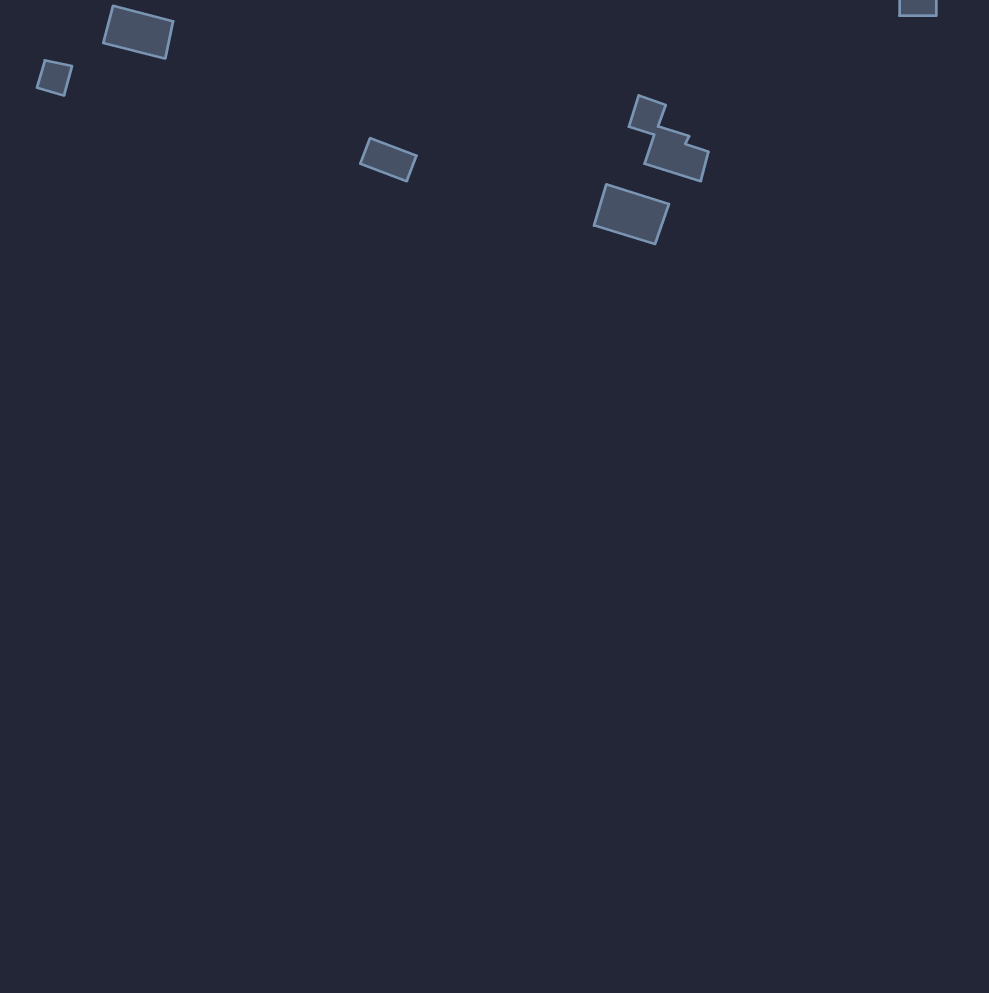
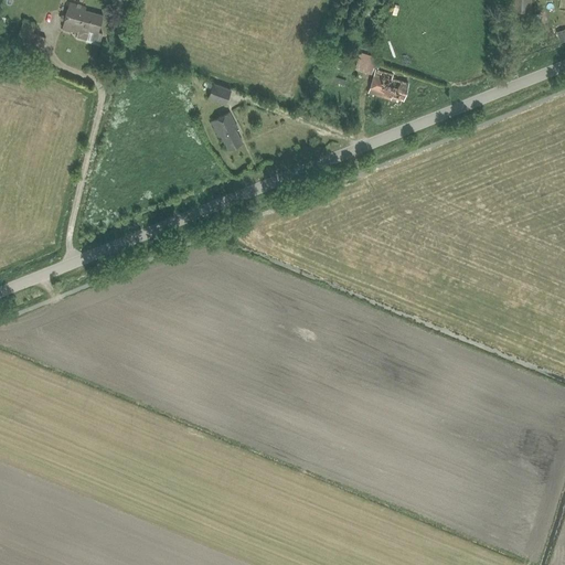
building: [594,184,669,244] -> none
building: none -> [213,111,242,150]

